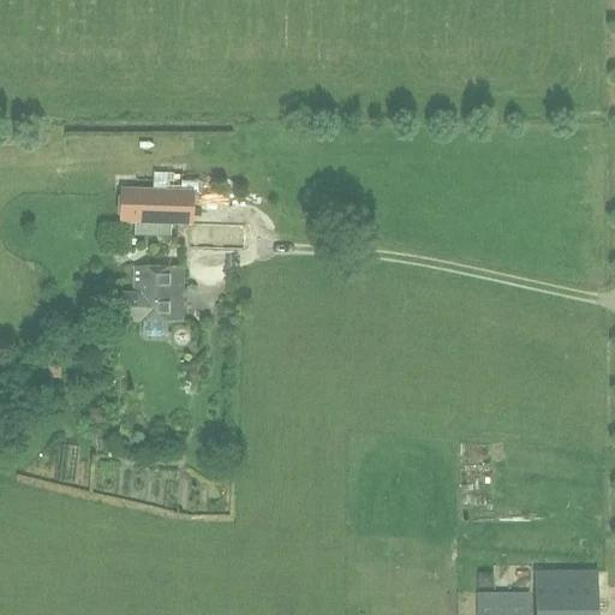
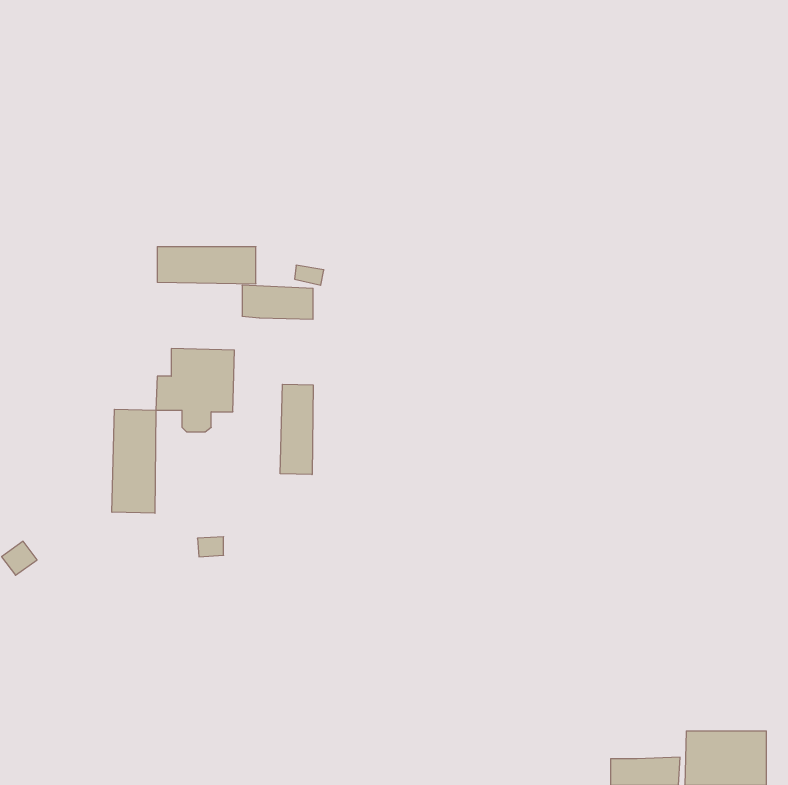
building: none -> [280,384,313,475]
building: none -> [112,409,156,513]

